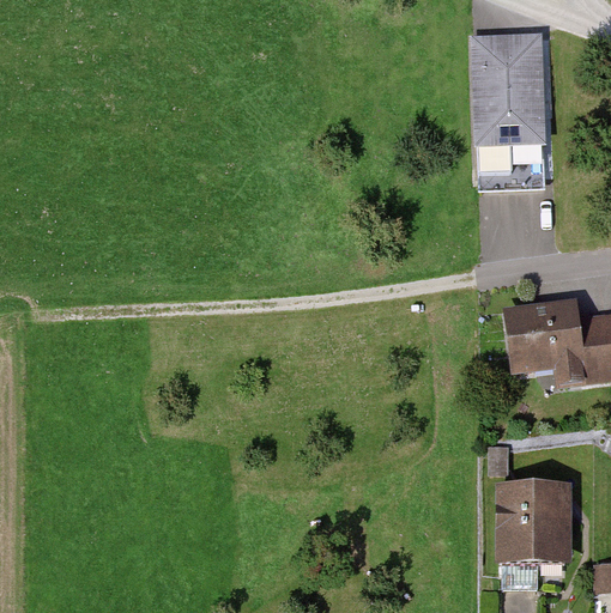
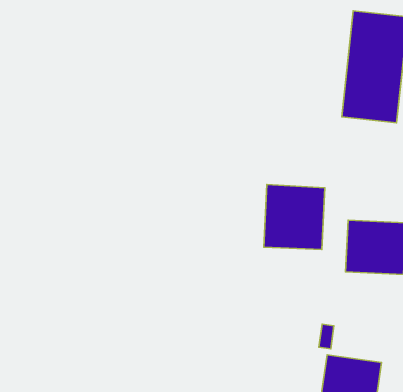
building: none -> [264,184,325,250]

